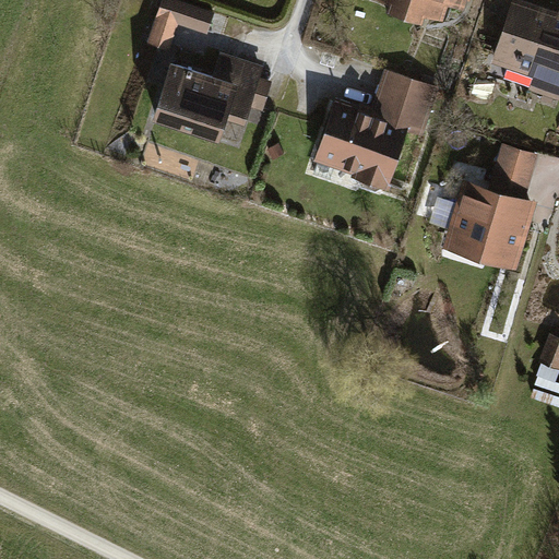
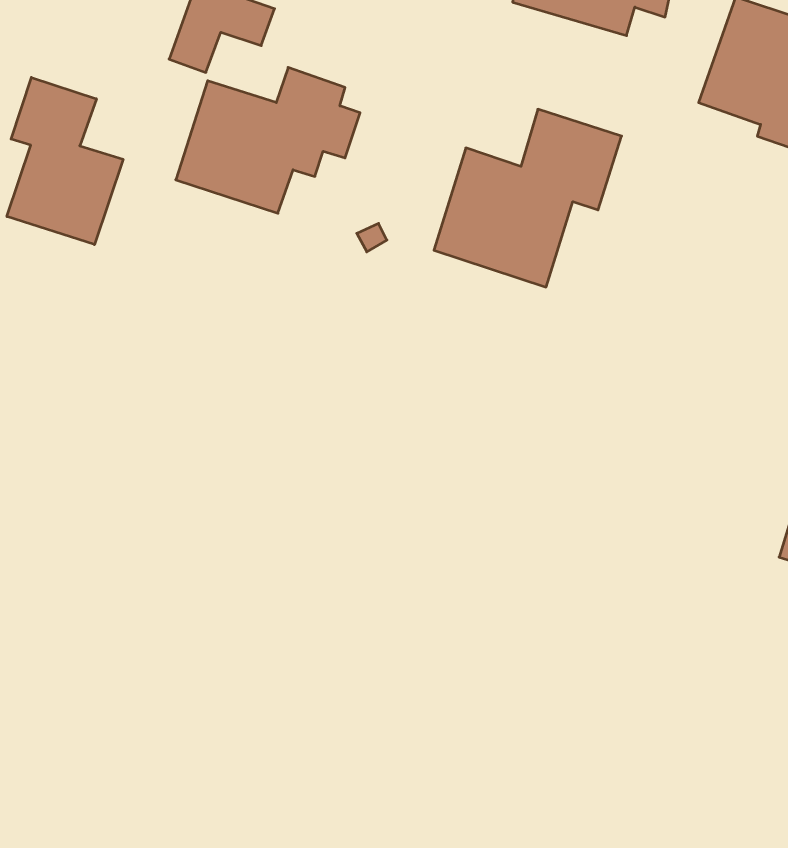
building: none -> [7,77,123,245]
building: [447,143,542,270] -> none

